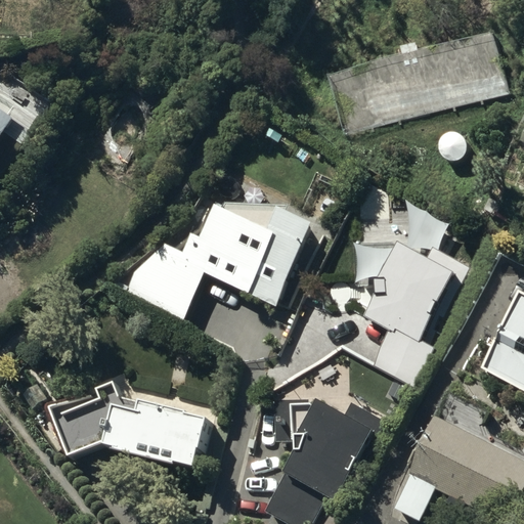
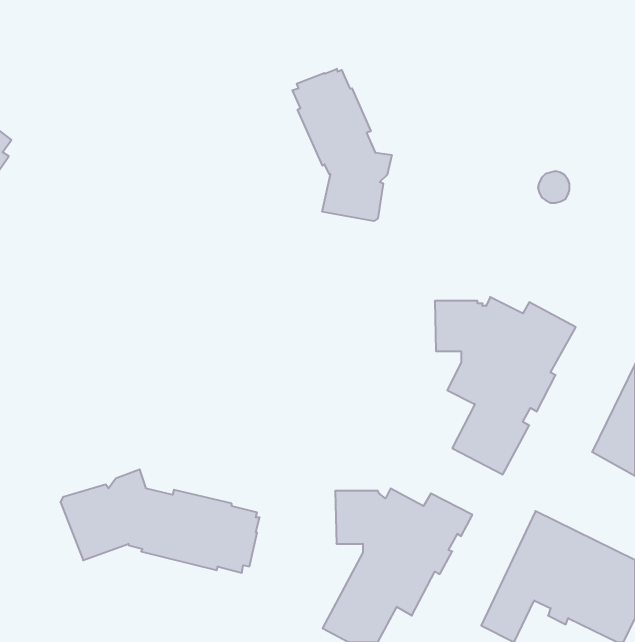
building: [325,38,506,134] -> none
building: none -> [292,69,392,221]
building: [123,182,337,320] -> none

